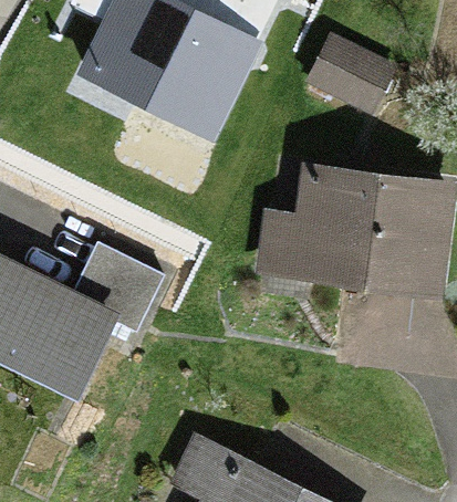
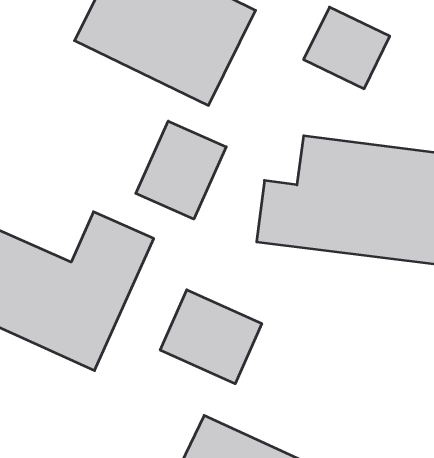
building: none -> [136,121,226,219]
building: none -> [160,290,262,384]

